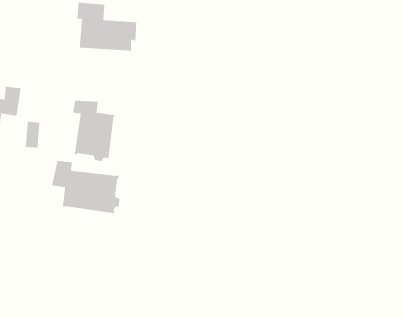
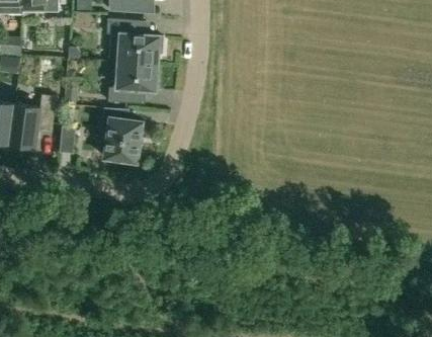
building: none -> [108,61,158,103]
building: [51,160,121,214] -> none

